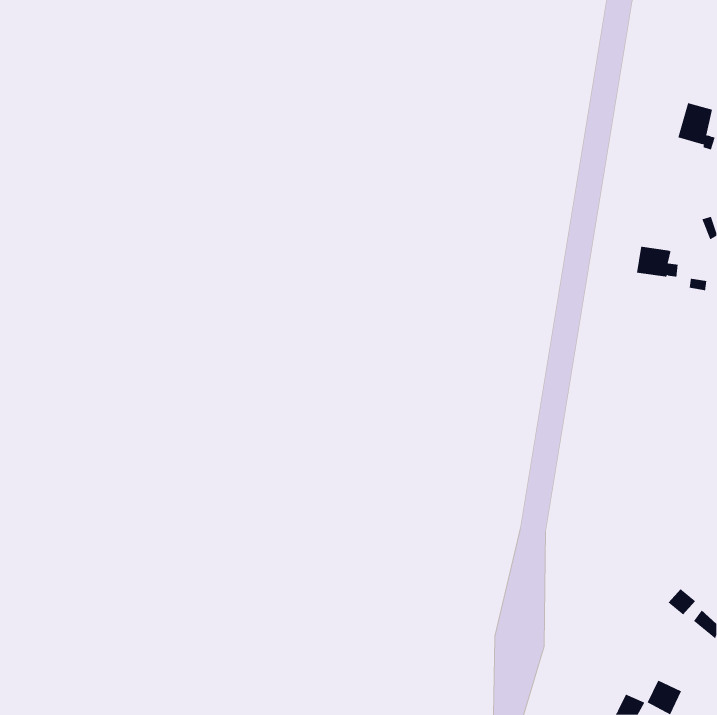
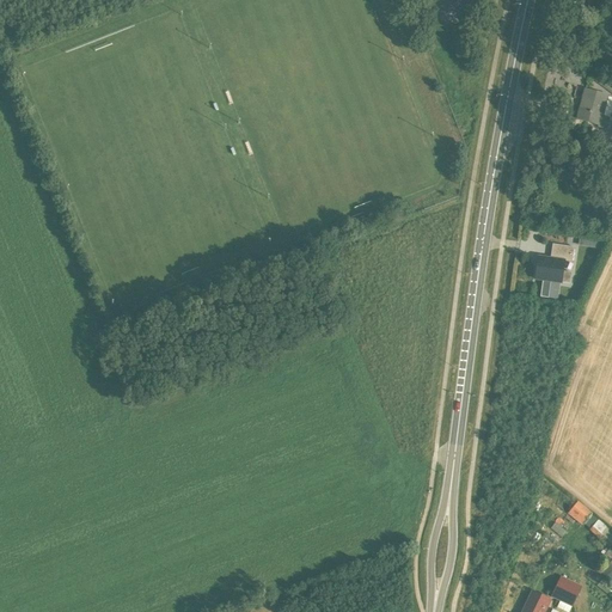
building: [636,246,678,277] -> [534,255,570,281]

